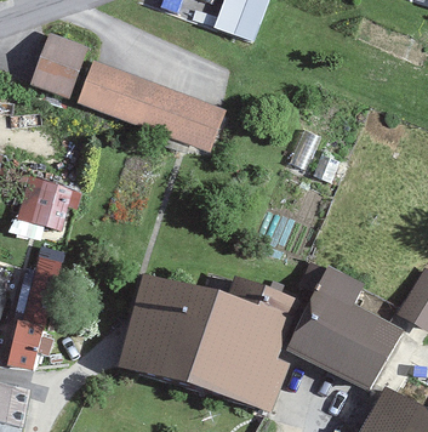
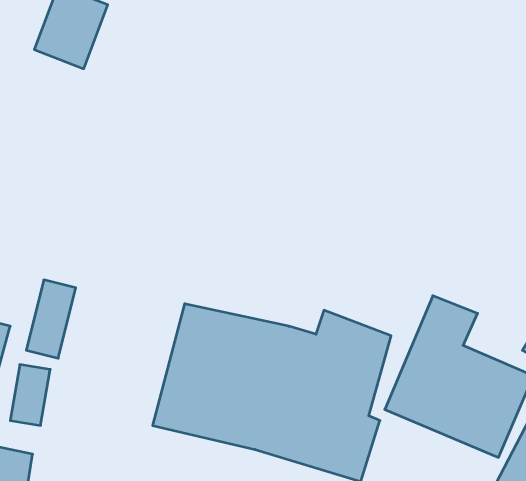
building: [80,58,227,153] -> none
building: [30,178,75,231] -> none

